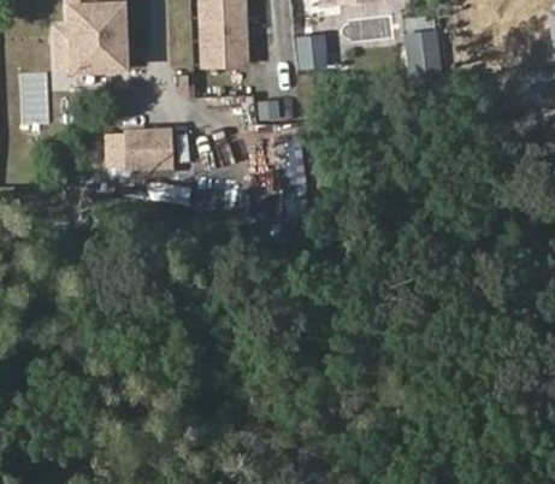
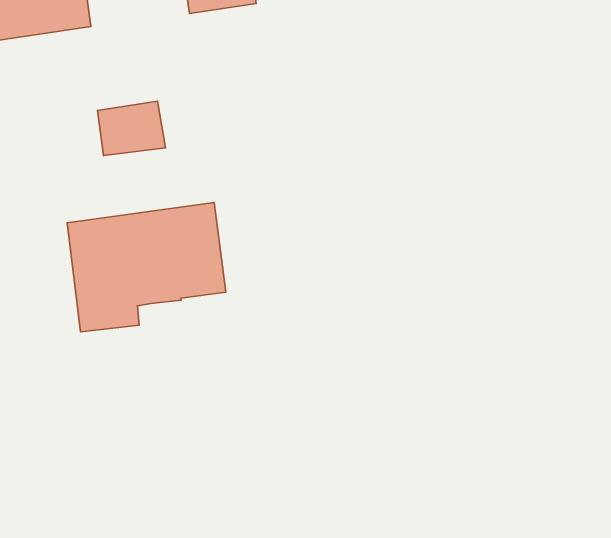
building: none -> [67,203,226,332]

